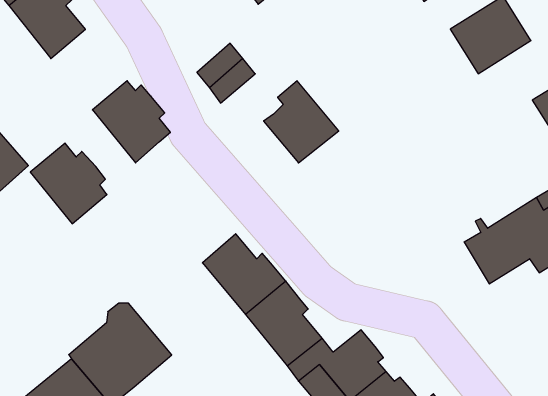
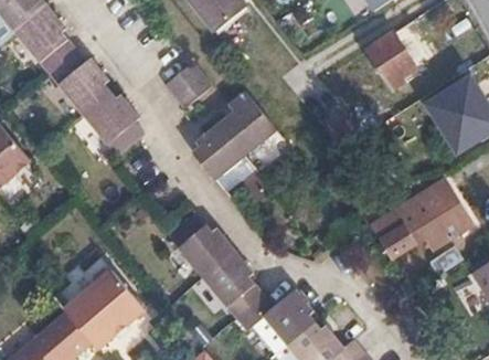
building: none -> [192,124,245,181]
building: [30,143,107,224] -> [49,51,109,115]

